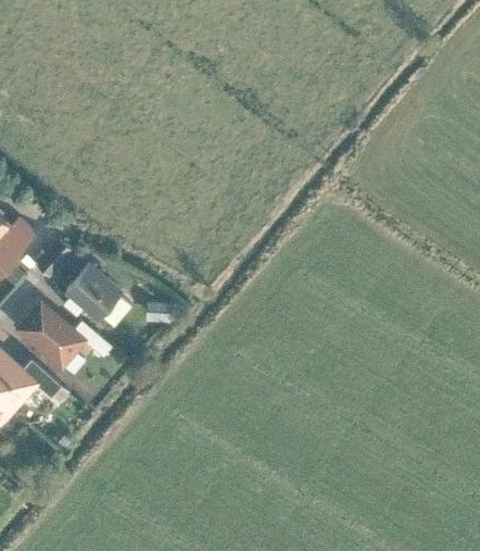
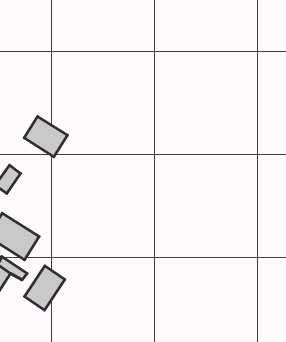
building: [65,265,123,322] -> [24,116,67,157]
building: none -> [24,266,65,310]

